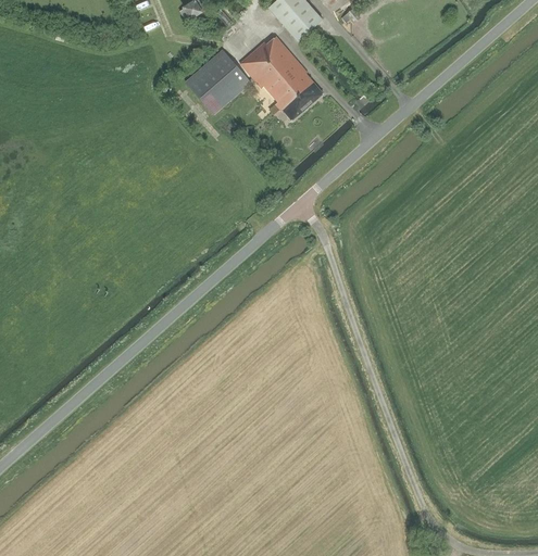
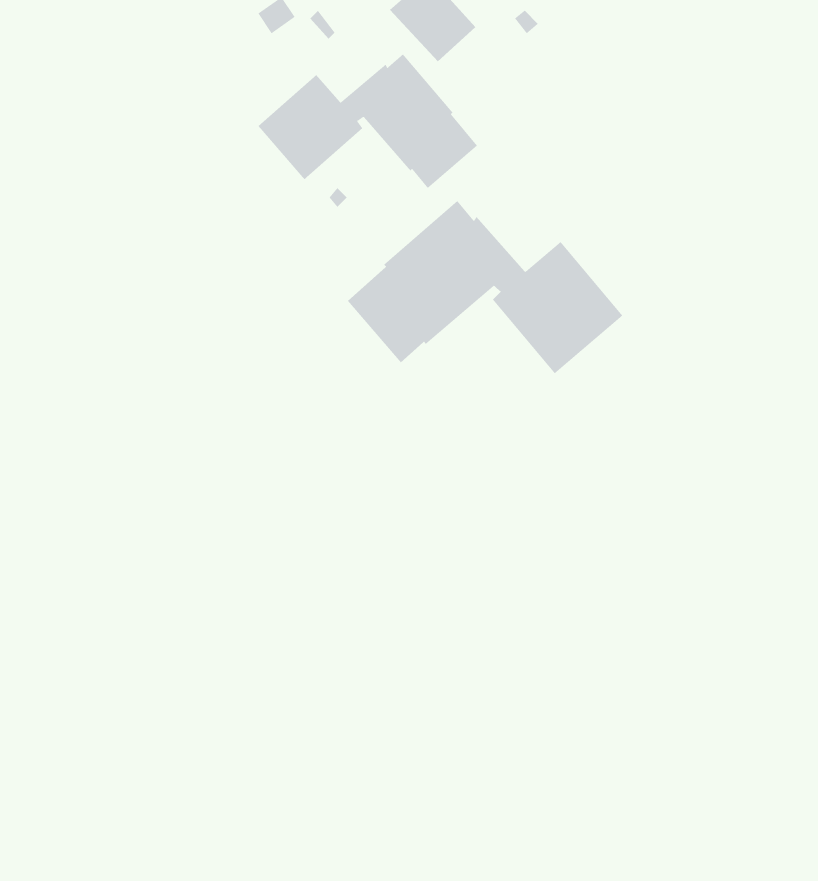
building: none -> [347,200,623,374]

